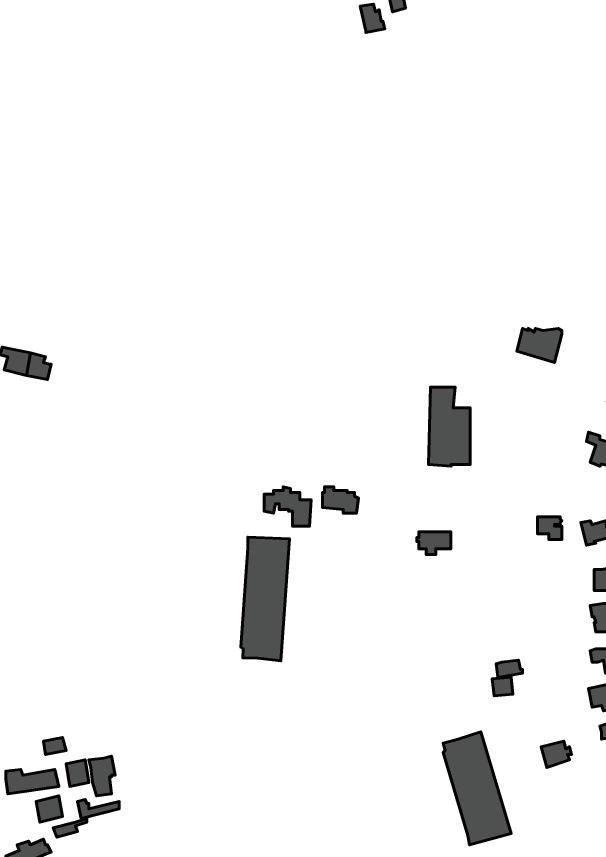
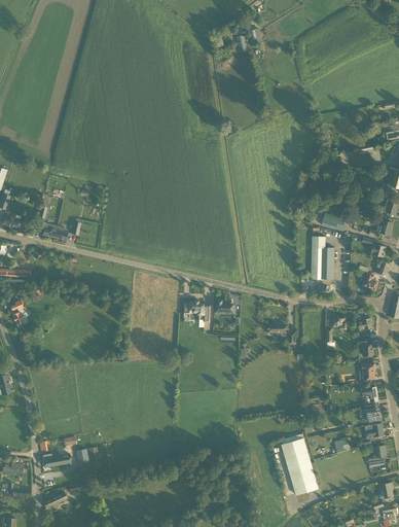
building: [429,387,470,466] -> [311,236,333,279]
building: [241,537,289,661] -> none

